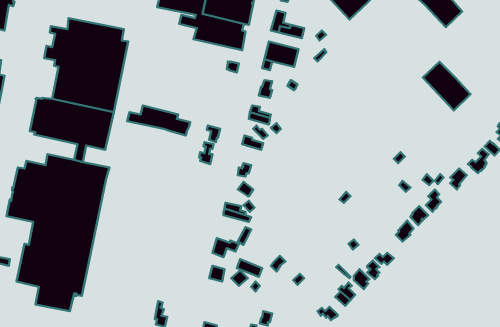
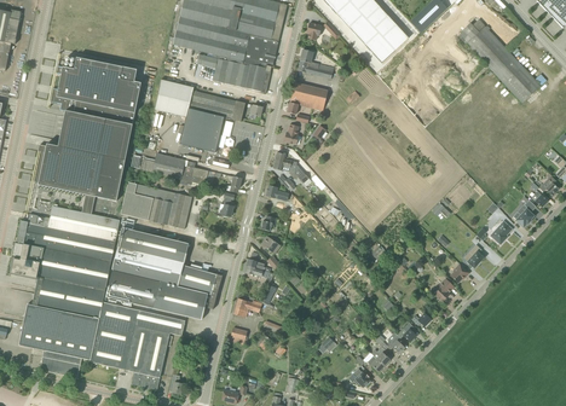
building: none -> [155,79,246,152]
building: [423,62,470,111] -> [489,50,541,103]
building: none -> [121,182,192,228]
building: none -> [106,227,223,319]
building: none -> [85,301,185,389]

